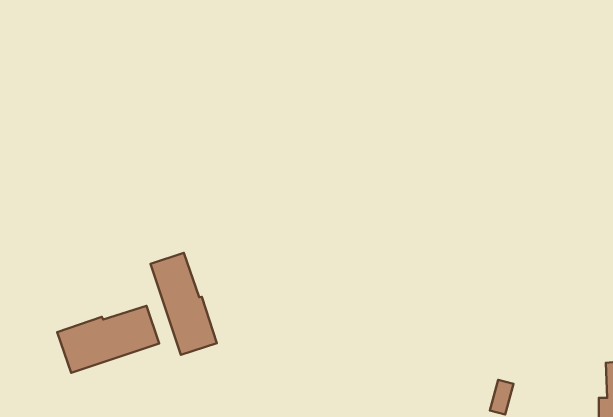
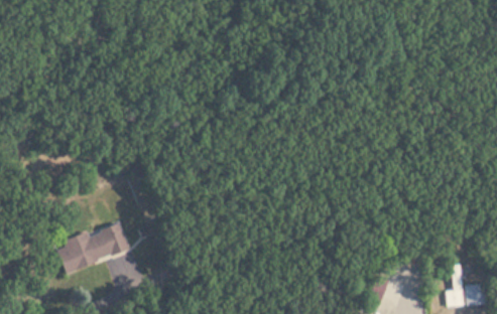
building: [151,253,217,355] -> none

